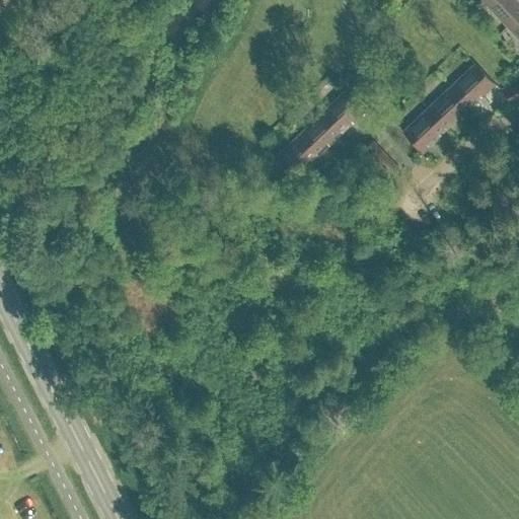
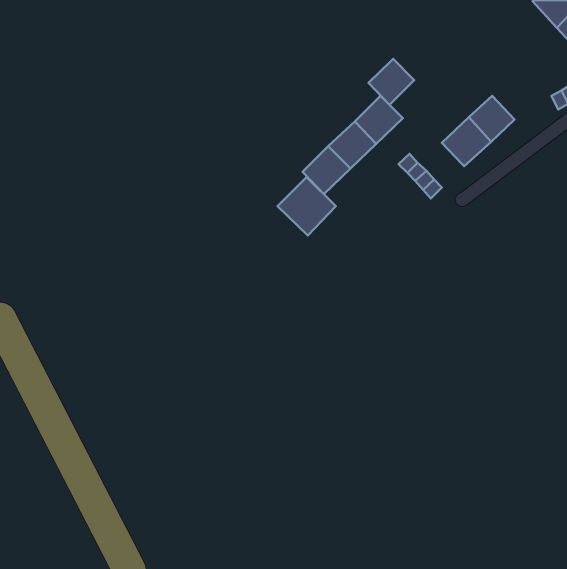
building: none -> [369,59,414,105]
building: [450,63,497,109] -> none
building: none -> [277,177,336,235]

